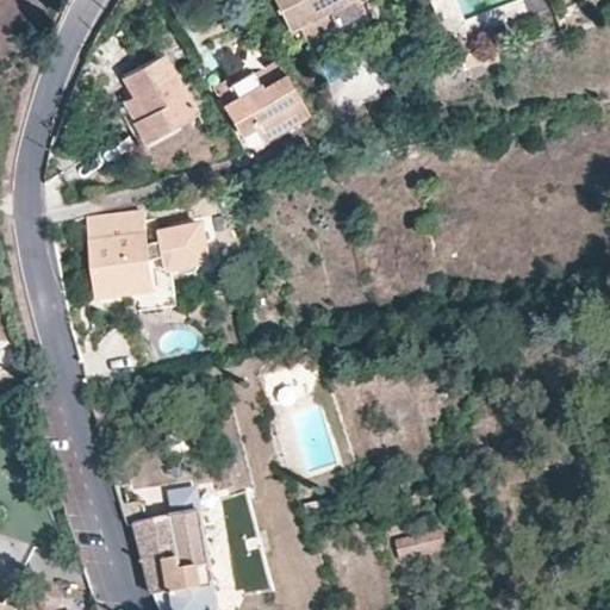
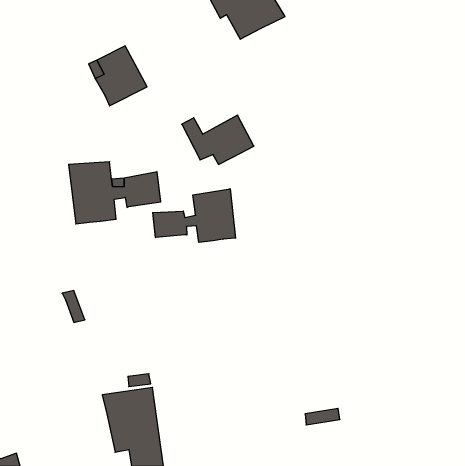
building: [211,74,305,138] -> [182,115,254,164]
building: none -> [153,189,236,242]

